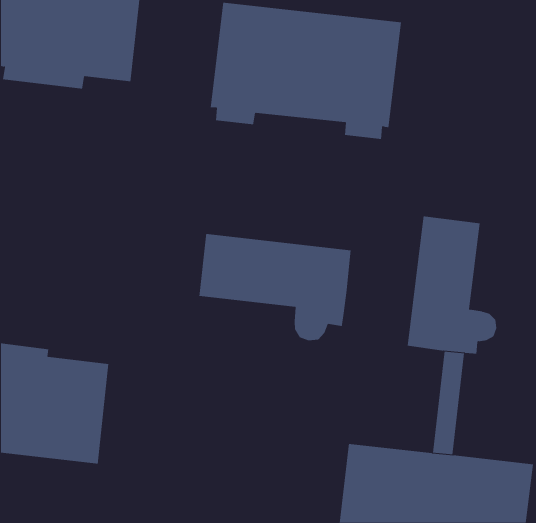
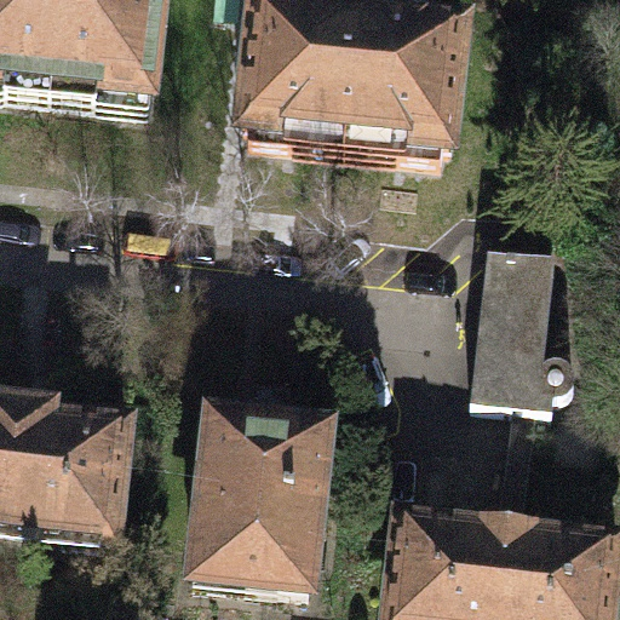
building: [199,233,351,341] -> none
building: none -> [195,414,328,591]

